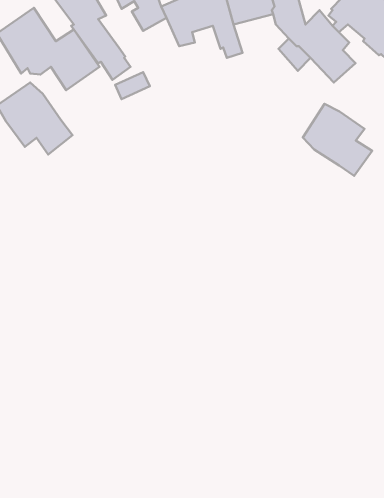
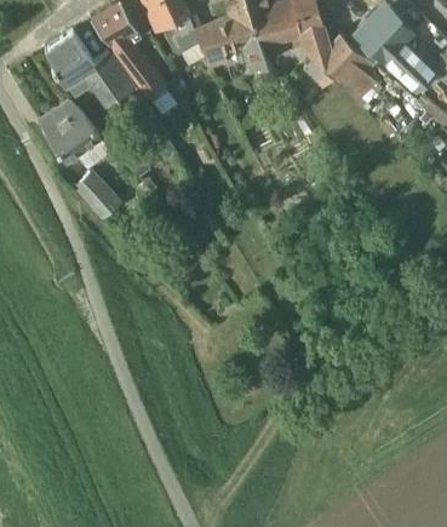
building: [303,104,372,176] -> none
building: none -> [74,171,121,218]

